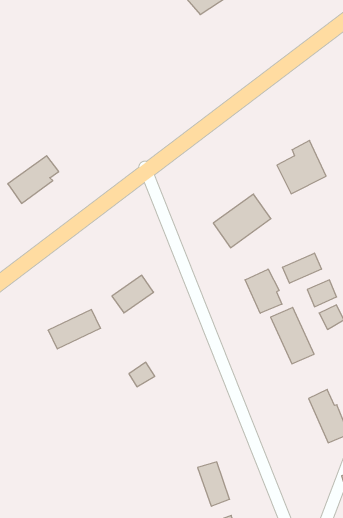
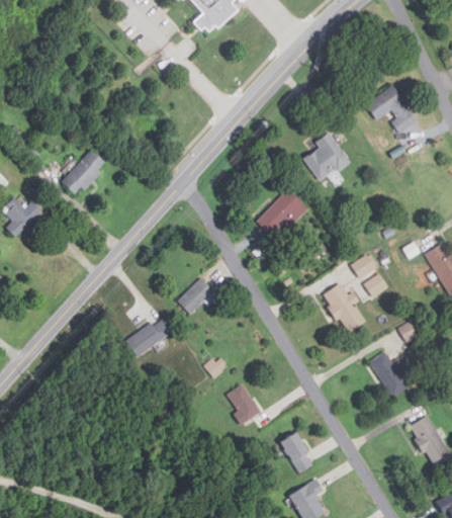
building: [8,156,59,203] -> [60,150,103,196]
building: [283,253,321,283] -> none
building: [245,269,282,313] -> none
building: none -> [227,385,259,423]

